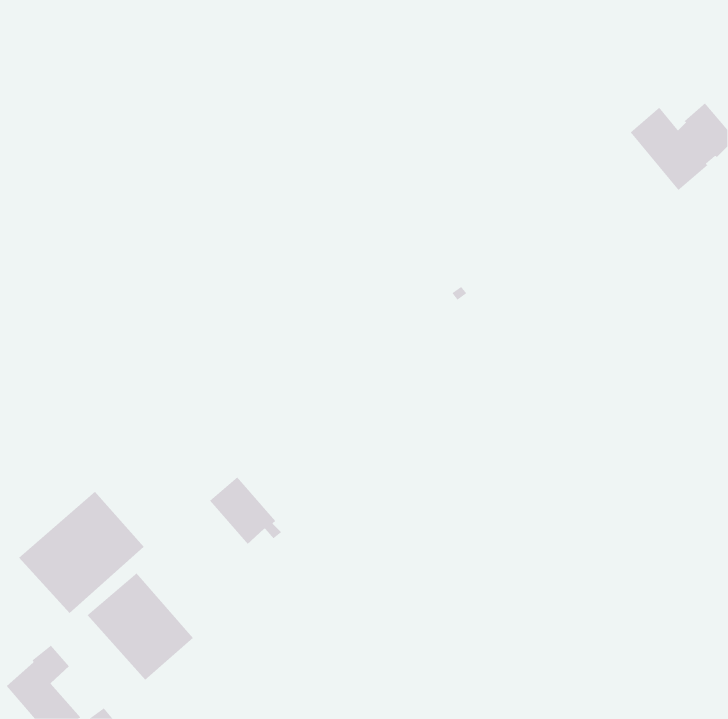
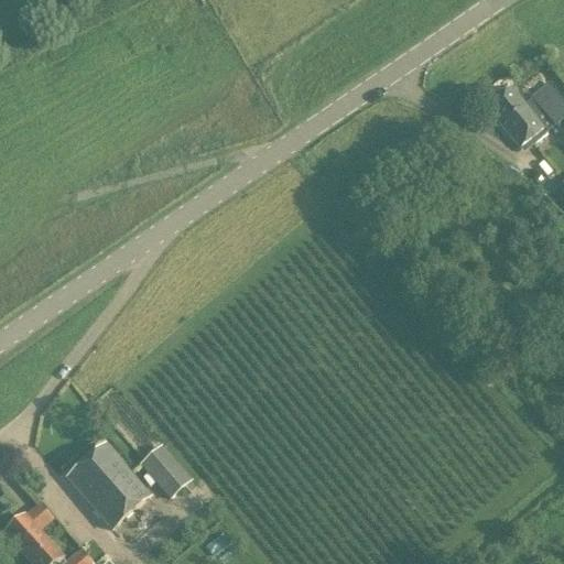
building: [209,477,282,545] -> [140,443,196,496]
building: [18,491,144,614] -> none

